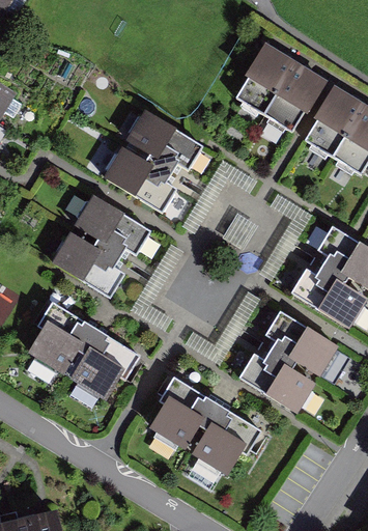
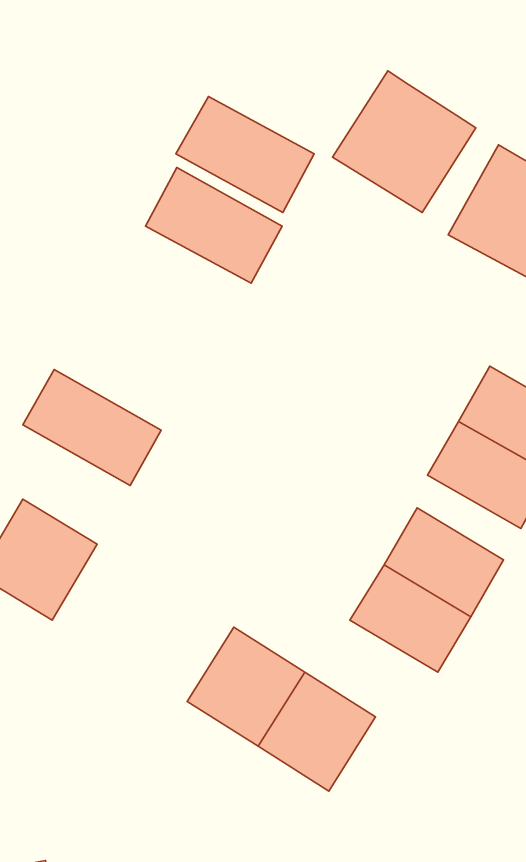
building: [104,141,187,211] -> [176,97,314,212]
building: [68,194,151,263] -> none
building: [67,332,140,404] -> none

